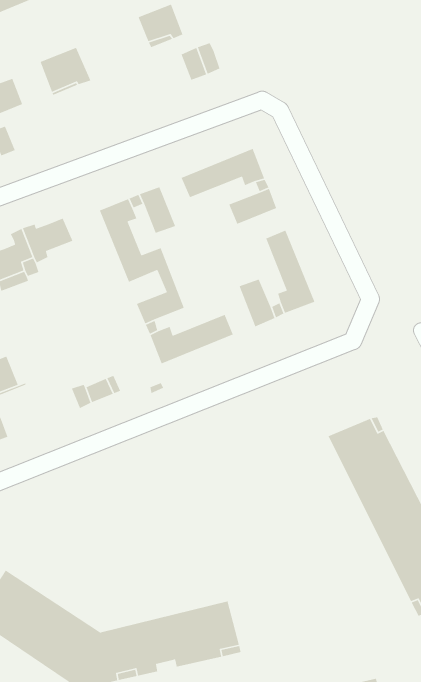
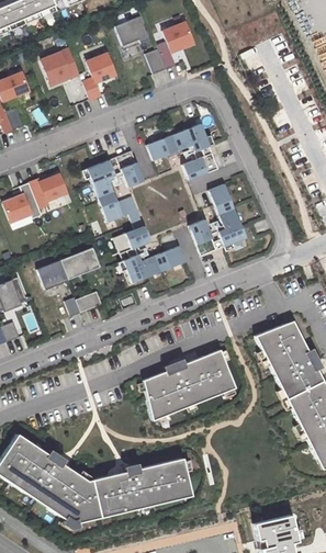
building: none -> [162,21,194,52]
building: none -> [83,54,115,99]
building: none -> [36,247,100,290]
building: none -> [143,350,234,420]

